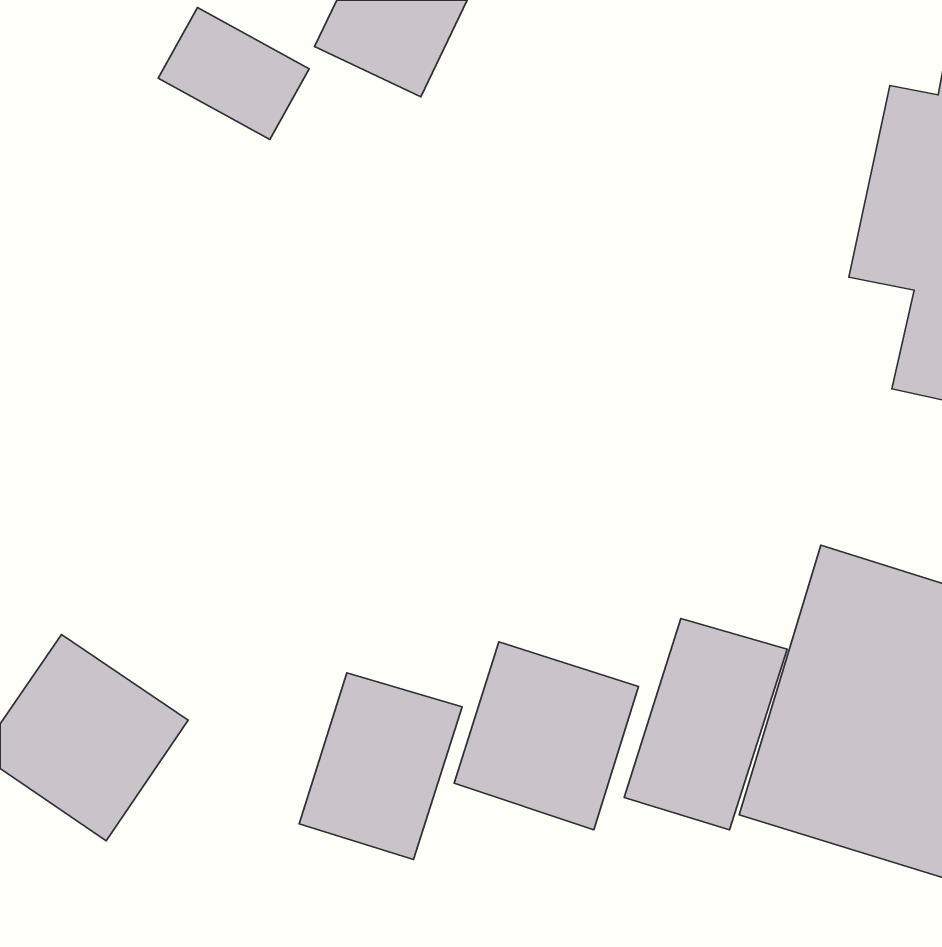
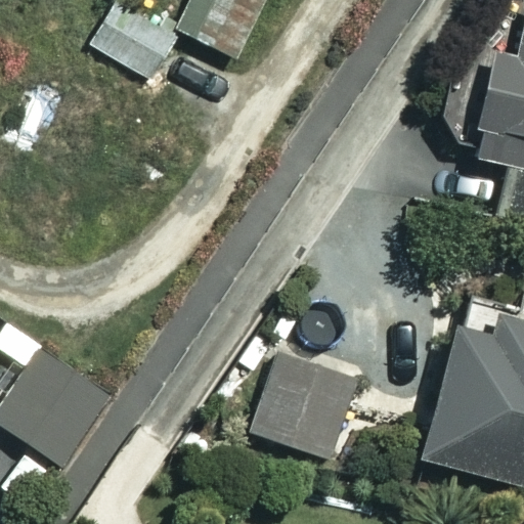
building: [624,619,787,830] -> none
building: [299,673,462,859] -> none

